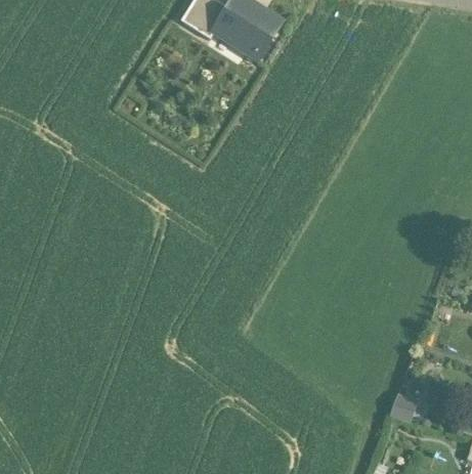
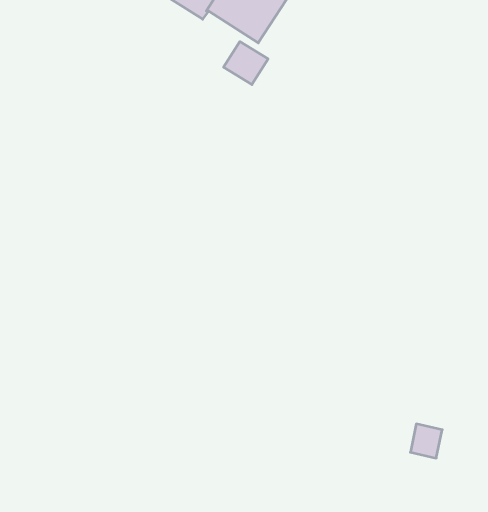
building: none -> [224,42,268,85]

